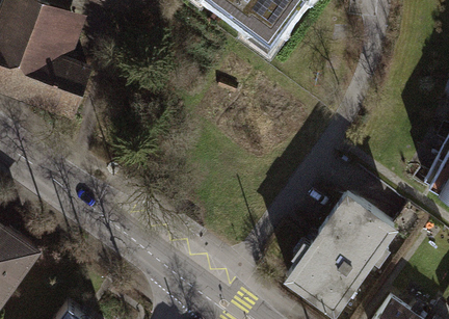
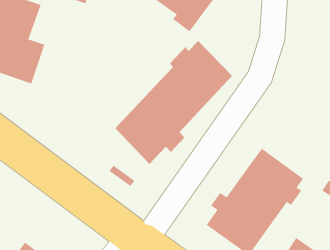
building: none -> [115,40,233,165]

